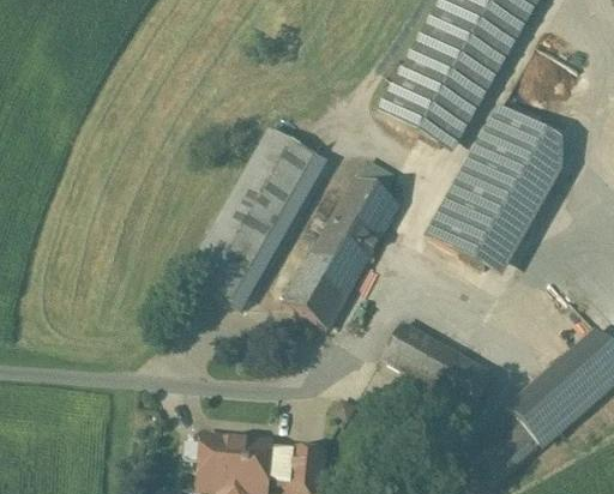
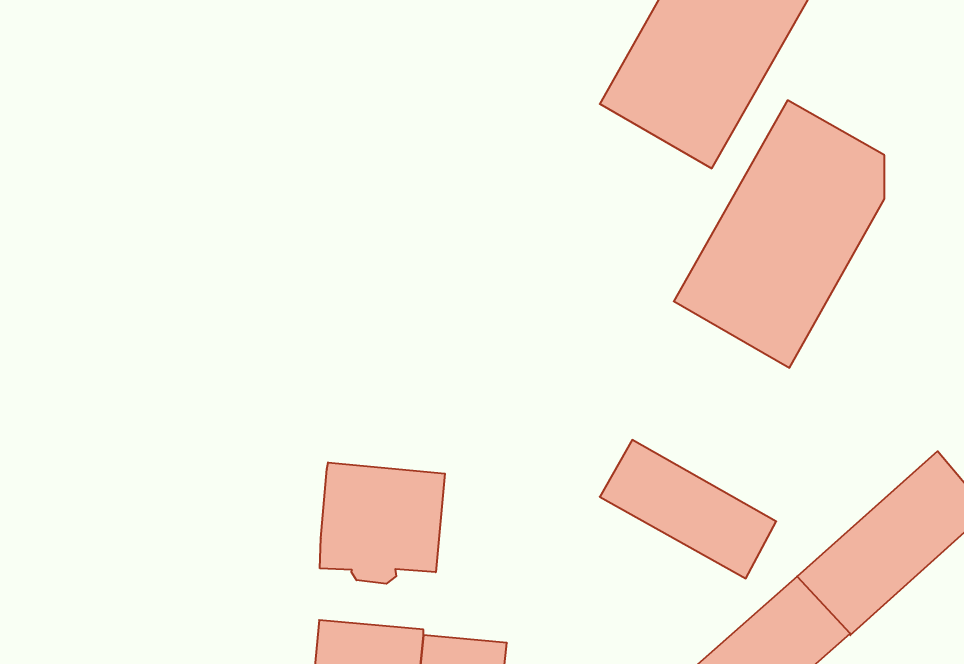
building: [187,127,319,297] -> none
building: [284,175,399,325] -> none
building: none -> [320,462,445,584]

